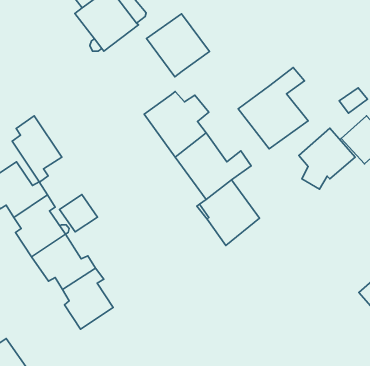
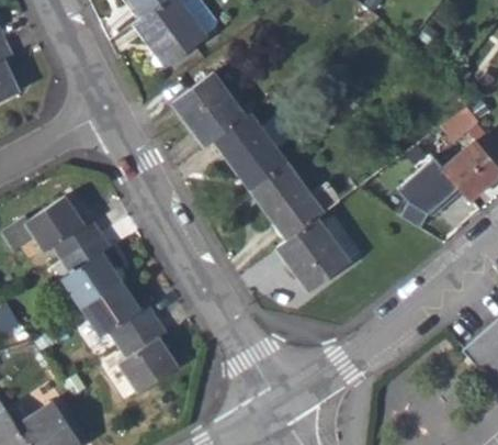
building: [147,14,209,77] -> [172,73,246,146]
building: [238,67,308,149] -> none
building: [12,116,62,182] -> none
building: [60,195,98,232] -> none

